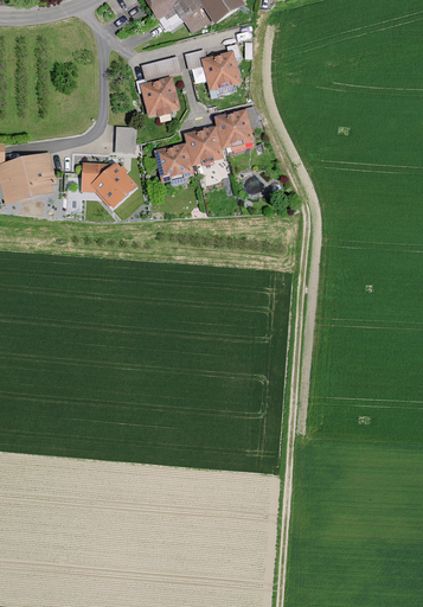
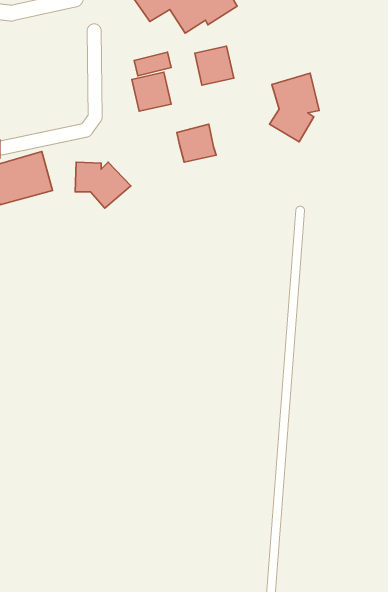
building: none -> [270,73,319,142]
building: [213,108,255,148] -> none
building: [116,123,136,151] -> none
building: [154,145,193,184] -> none

